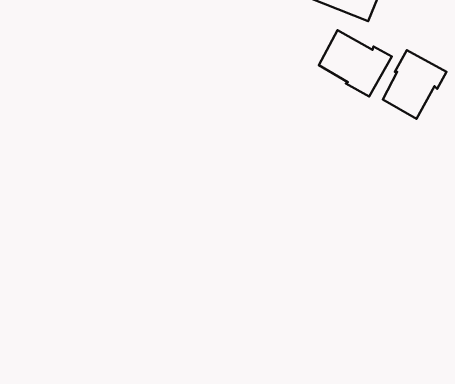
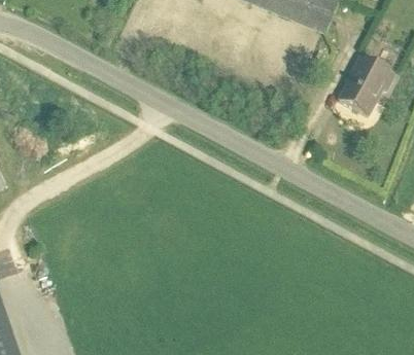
building: [319,30,392,96] -> none

